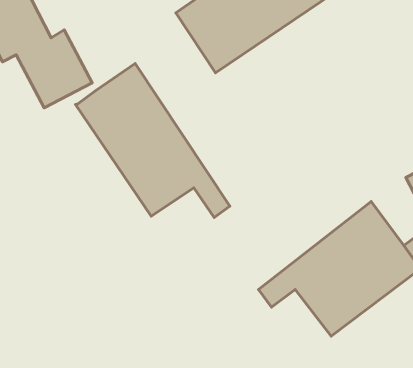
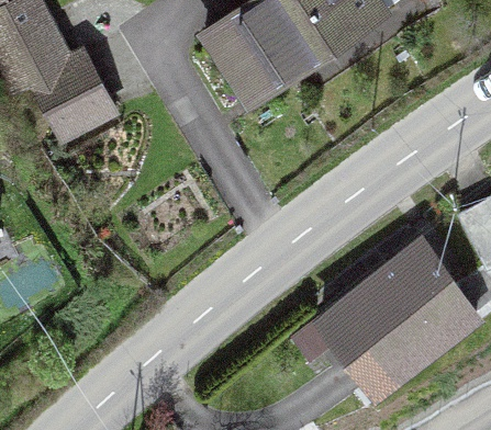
building: [76,63,230,217] -> none

